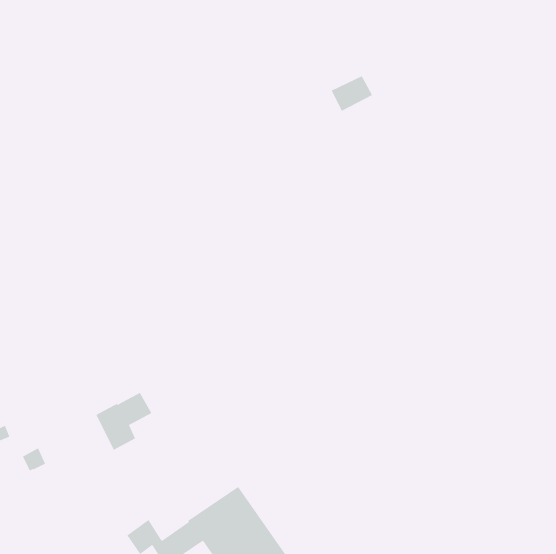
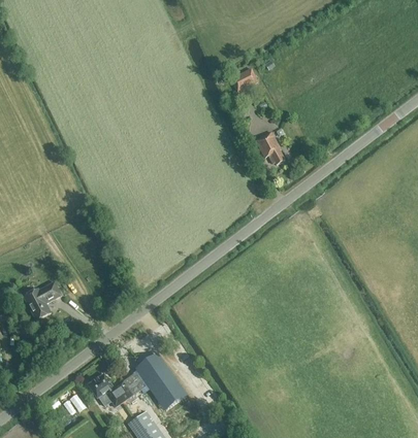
building: none -> [255,131,284,163]
building: [96,392,152,451] -> [23,280,62,321]

